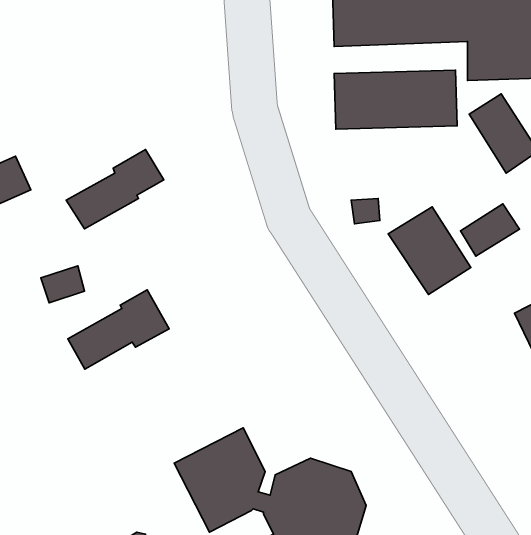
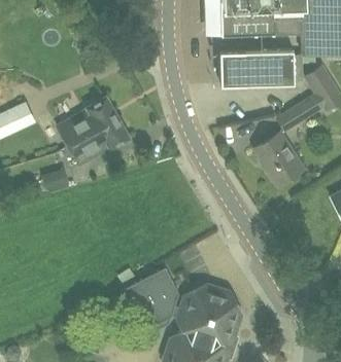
building: [461,204,520,256] -> [275,100,311,132]
building: [68,290,169,369] -> [68,115,130,164]

